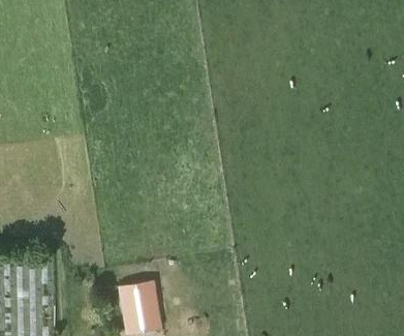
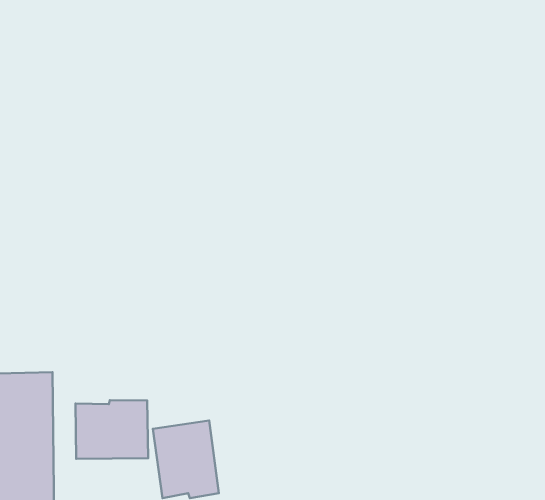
building: none -> [76,400,148,459]

